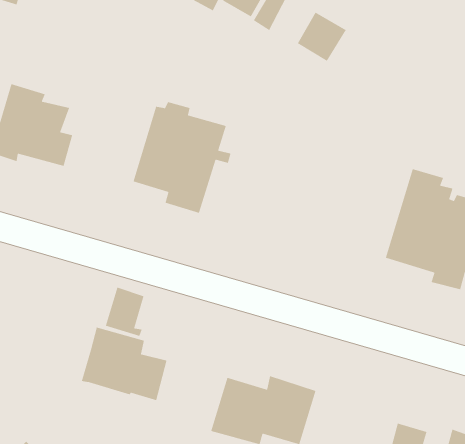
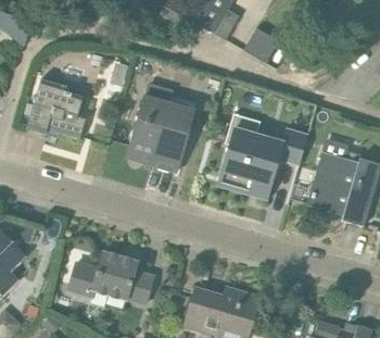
building: none -> [220,113,307,199]
building: [105,287,144,337] -> [69,261,98,297]

